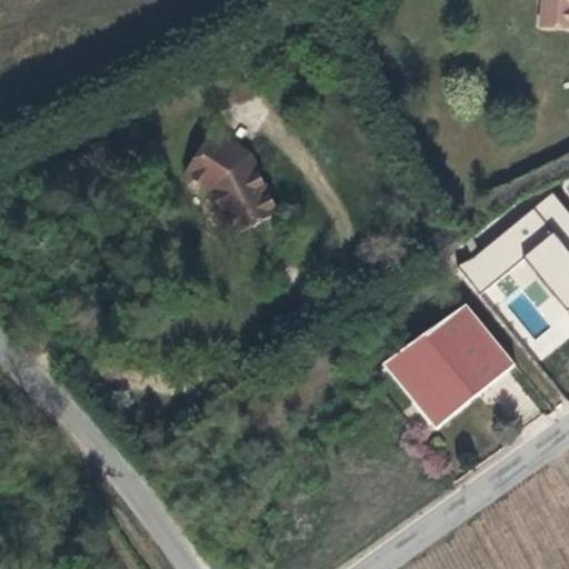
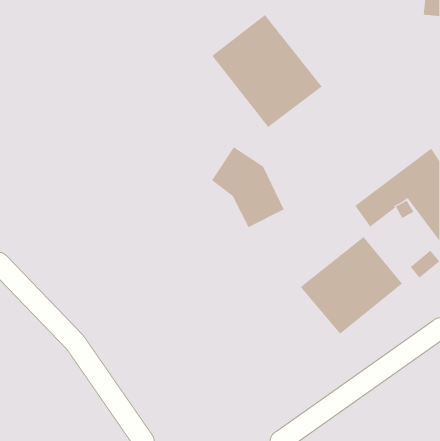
building: none -> [211,14,323,128]
building: [186,124,280,229] -> [211,147,285,228]

